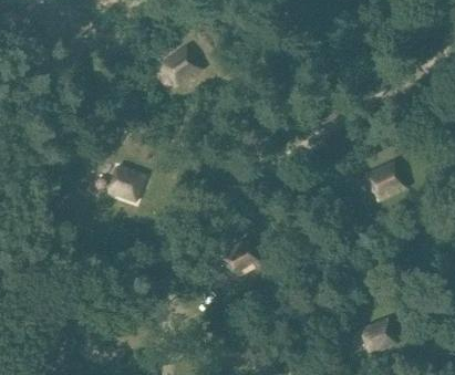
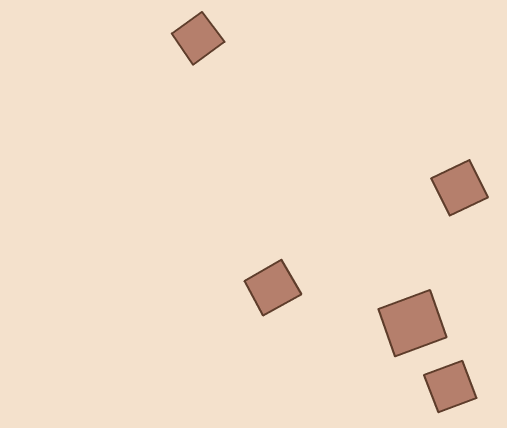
building: [105,164,145,202] -> none
building: none -> [378,290,446,356]

